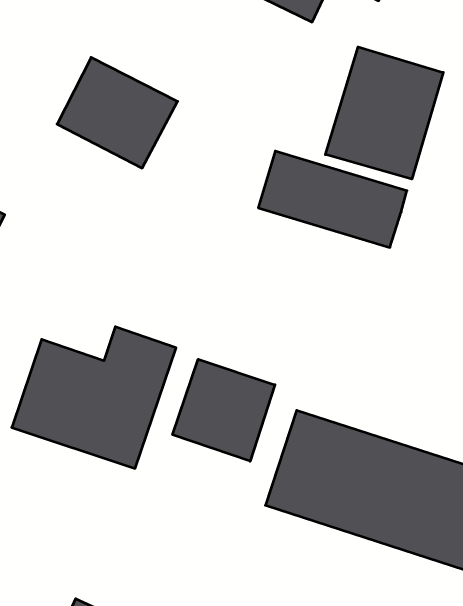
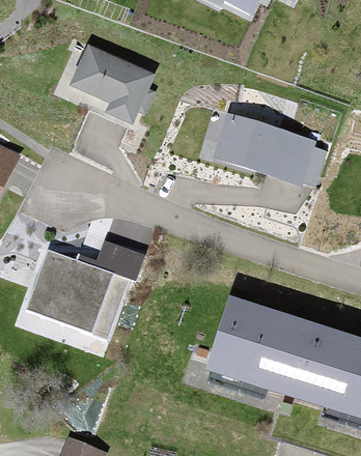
building: [325,47,443,179] -> none
building: [173,359,275,461] -> none

